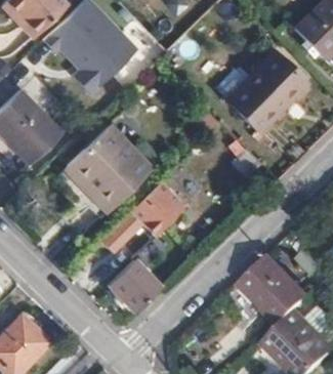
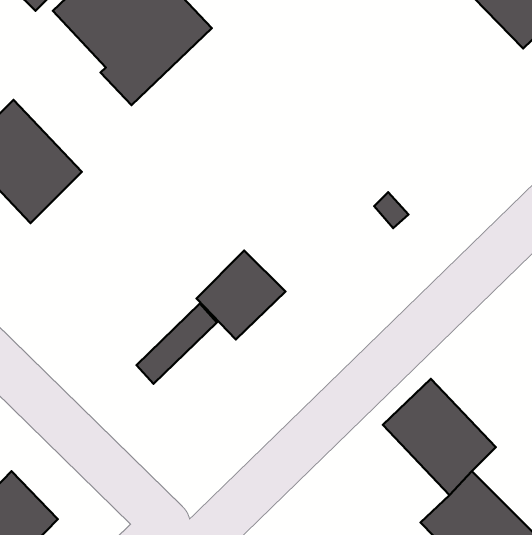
building: [225,51,304,131] -> none
building: [63,125,150,208] -> none
building: [109,259,159,307] -> none

